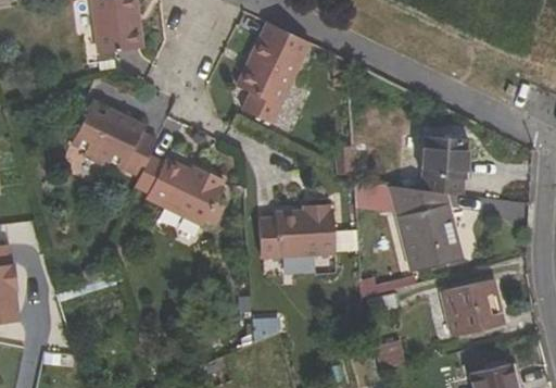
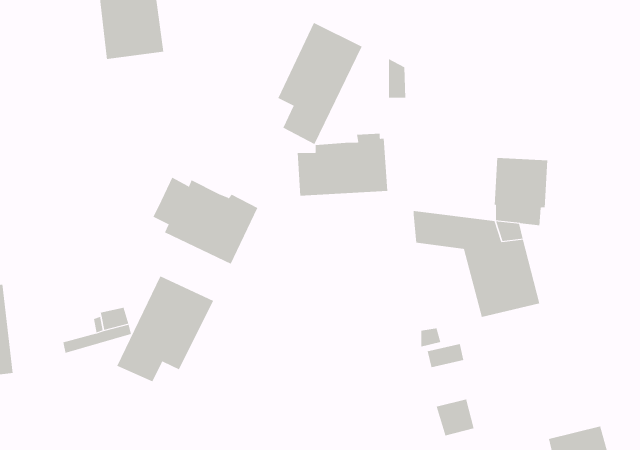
building: [71,101,157,178] -> none
building: [261,204,338,258] -> [297,133,388,196]
building: none -> [117,275,214,382]
building: [442,279,505,339] -> none

